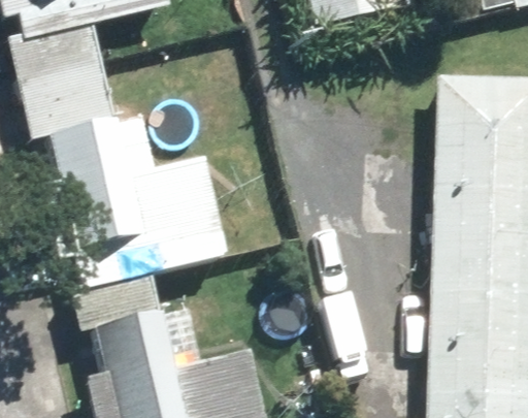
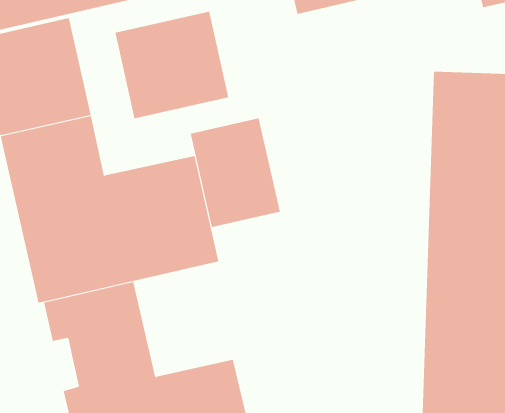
building: none -> [115,11,229,119]
building: none -> [190,117,281,228]

